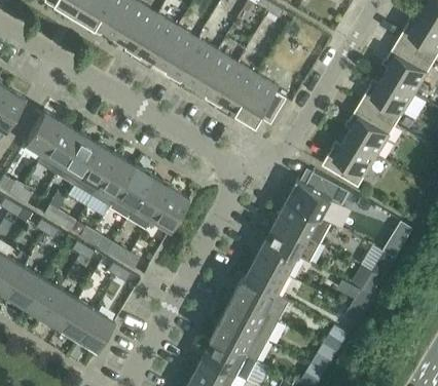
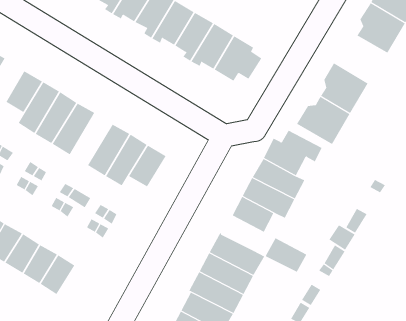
building: [360,75,415,124] -> none
building: [90,154,134,207] -> none
building: [246,259,289,295] -> [265,237,307,273]
building: [77,310,114,351] -> none

